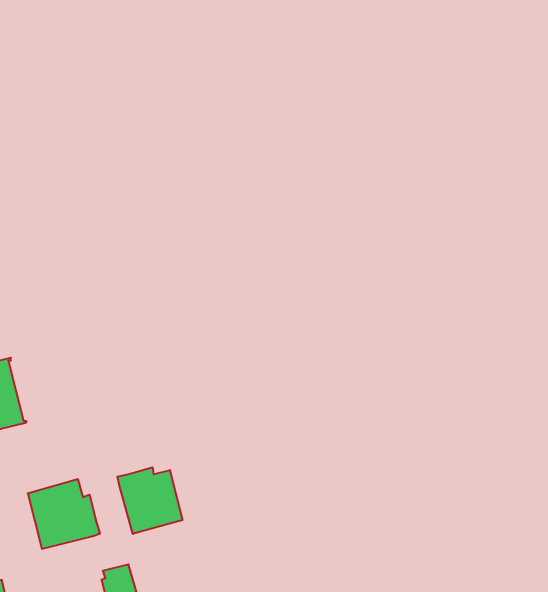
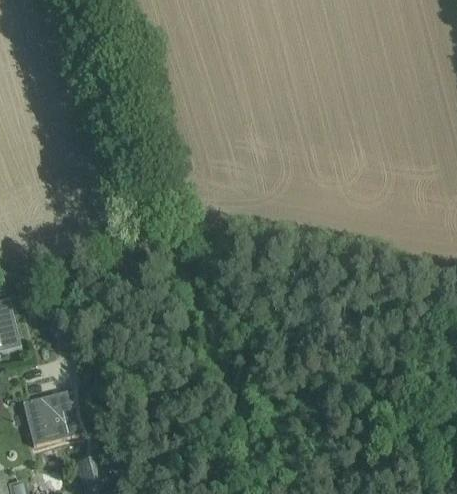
building: [118,467,183,534] -> none

